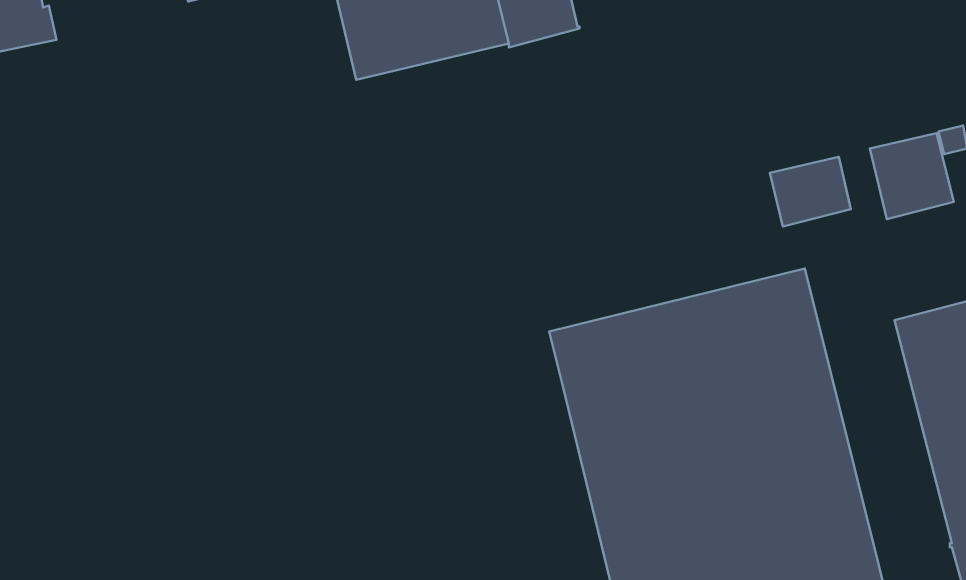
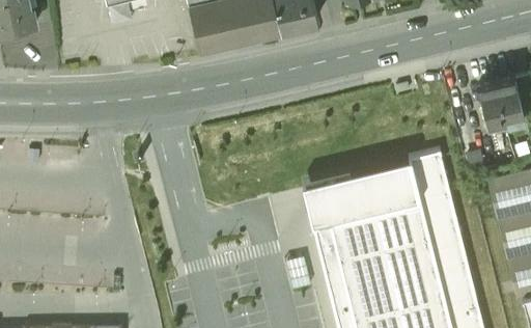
building: [770,157,851,227] -> none

